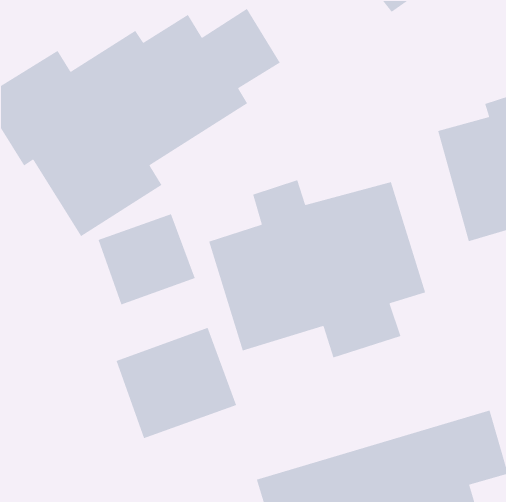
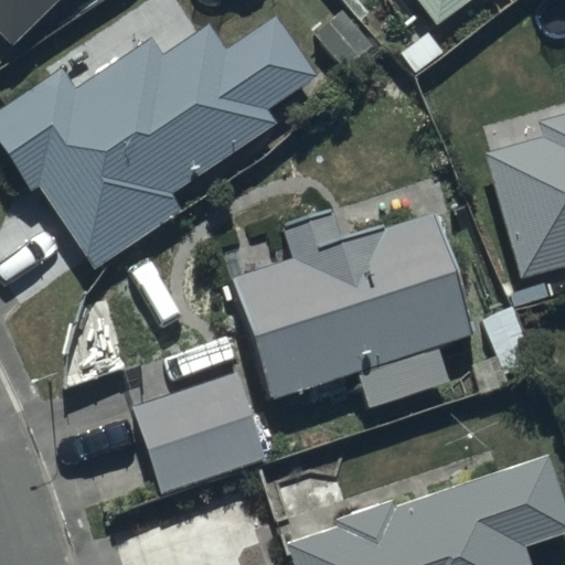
building: [97,213,196,306] -> none

